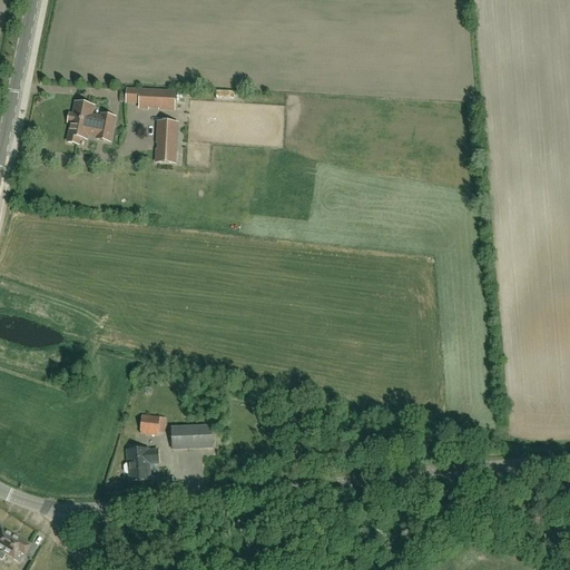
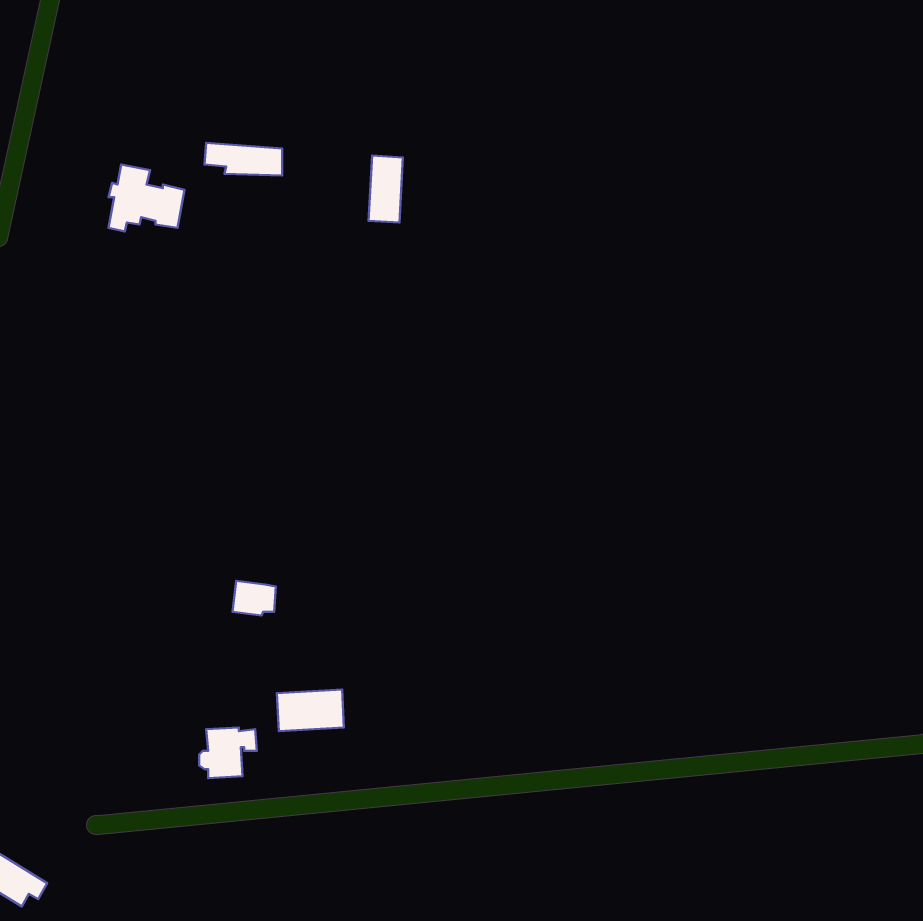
building: [155,121,176,163] -> [369,156,403,222]
building: [139,413,166,434] -> [233,581,276,615]

